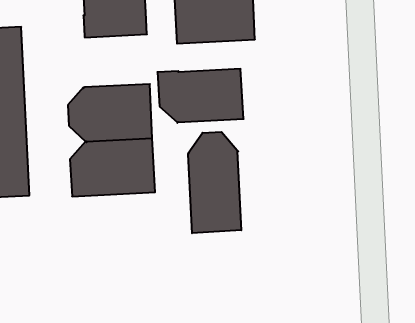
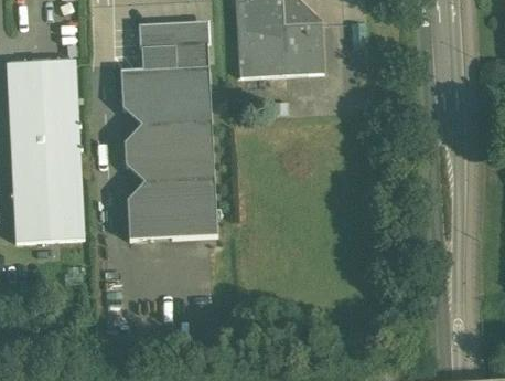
building: [157,69,244,123] -> [120,66,212,124]
building: [188,132,241,233] -> none

